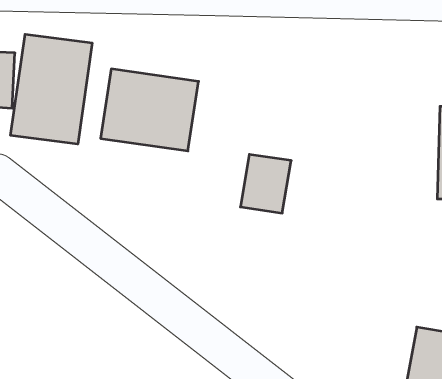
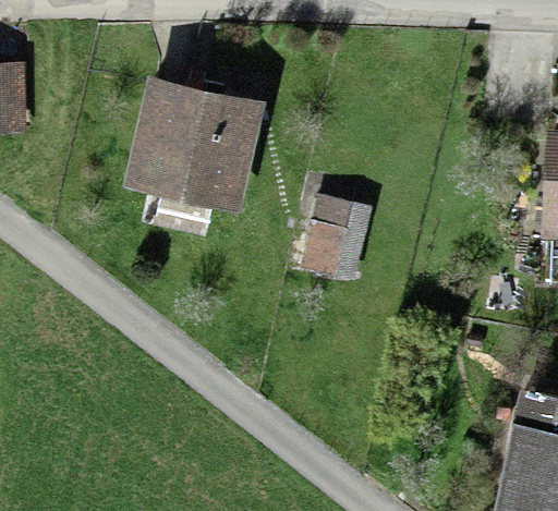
building: [11,34,92,144] -> none

